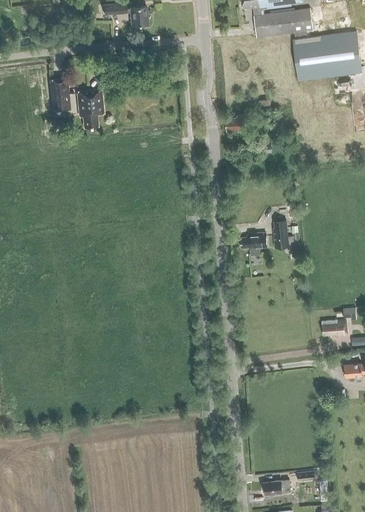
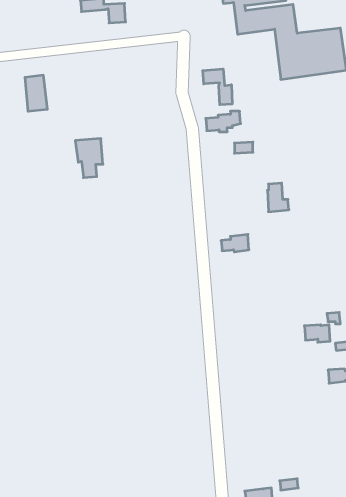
building: none -> [203,69,232,105]
building: [76,89,103,127] -> [75,139,103,178]
building: [273,220,294,248] -> [267,183,289,212]

